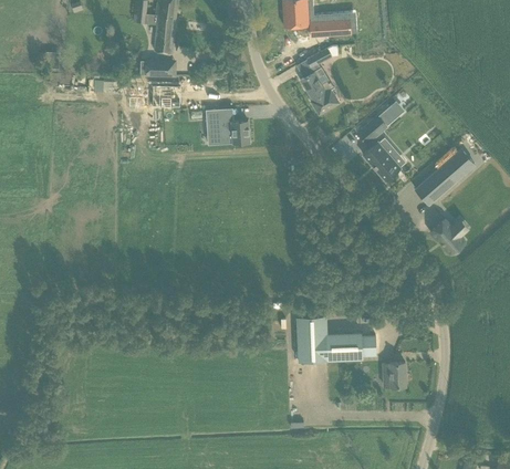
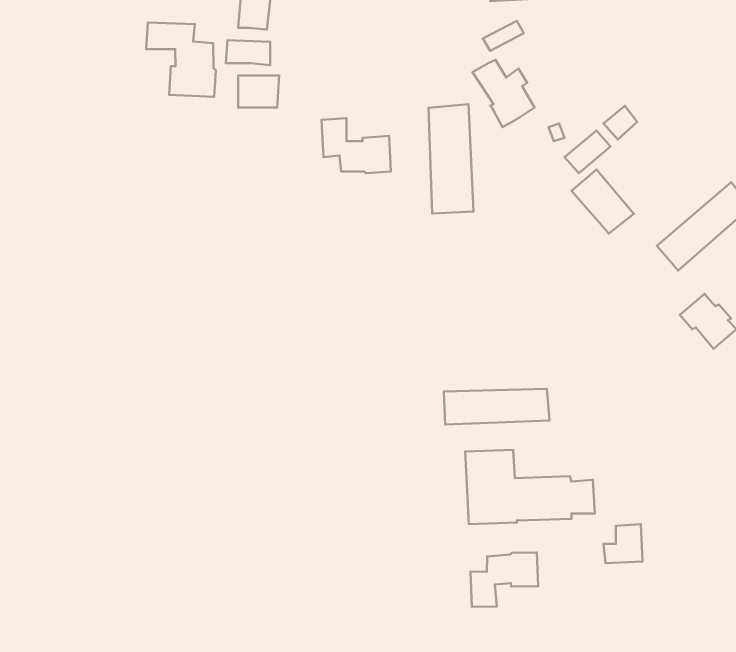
building: none -> [146,22,216,97]
building: none -> [429,104,473,214]
building: none -> [444,389,549,424]
building: none -> [471,552,538,607]

